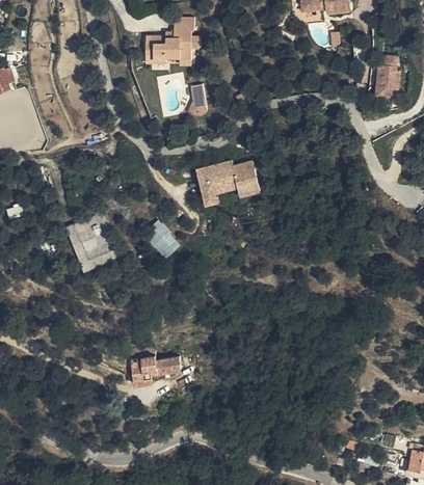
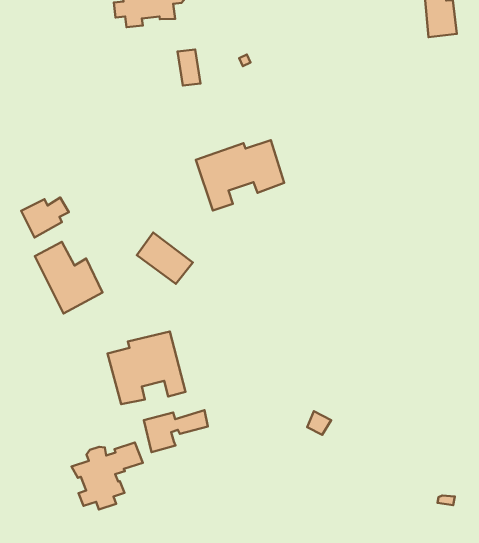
building: none -> [21,198,69,237]
building: none -> [107,331,186,404]
building: none -> [72,443,143,509]

